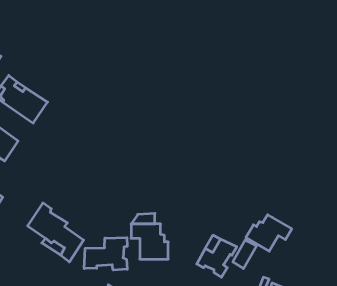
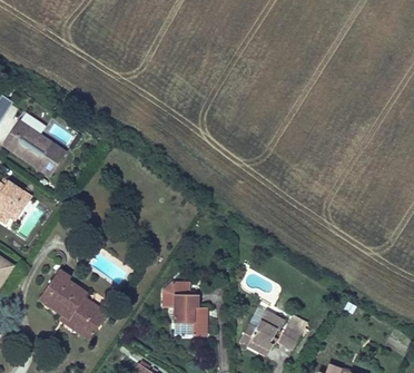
building: [246,215,292,251] -> none
building: [84,238,127,270] -> none

